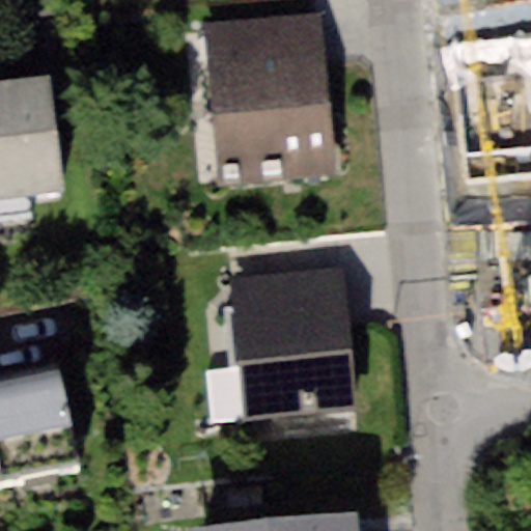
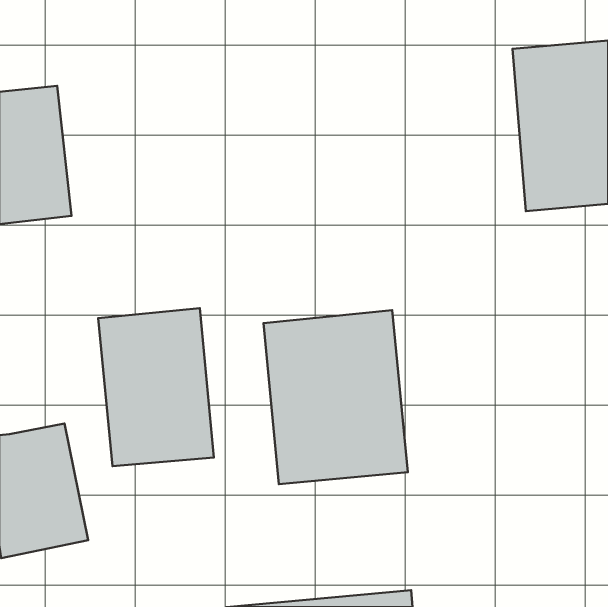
building: [203,15,337,181] -> none
building: none -> [98,308,214,466]

